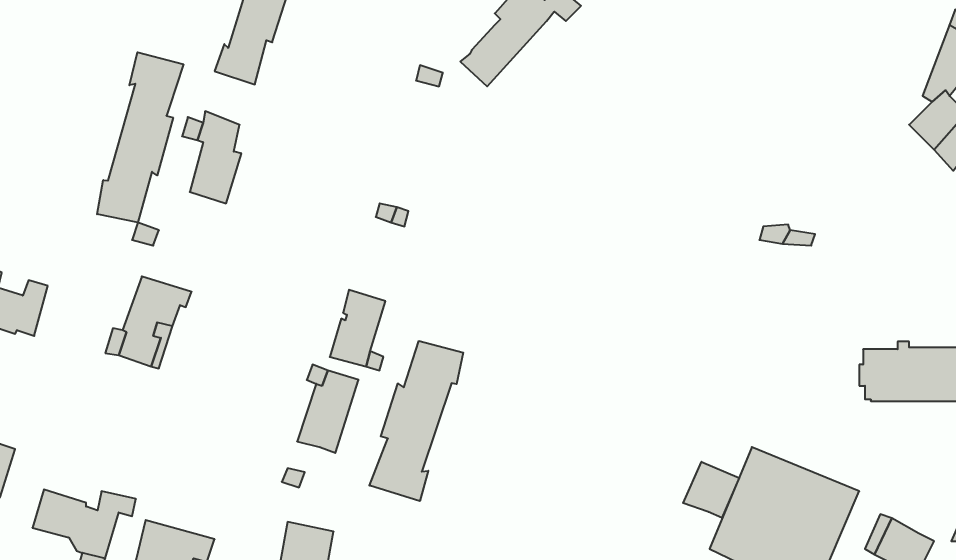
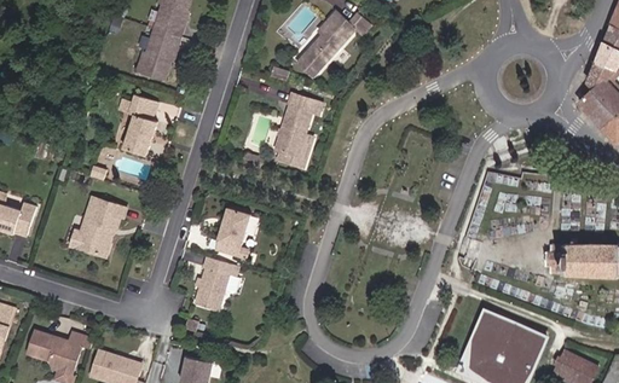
building: [97,52,183,223] -> none
building: none -> [276,92,324,166]
building: [369,341,463,501] -> none
building: [683,462,739,518] -> none

